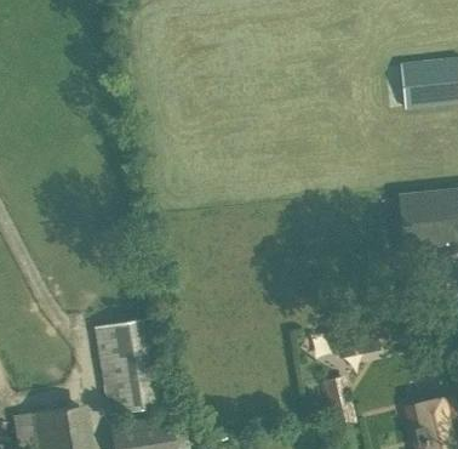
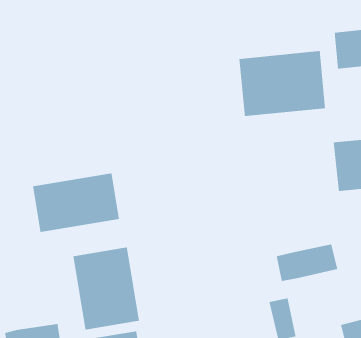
building: none -> [239,50,326,117]
building: none -> [32,172,120,233]

